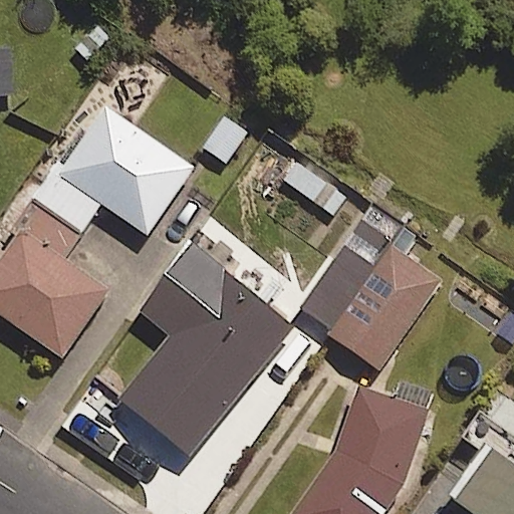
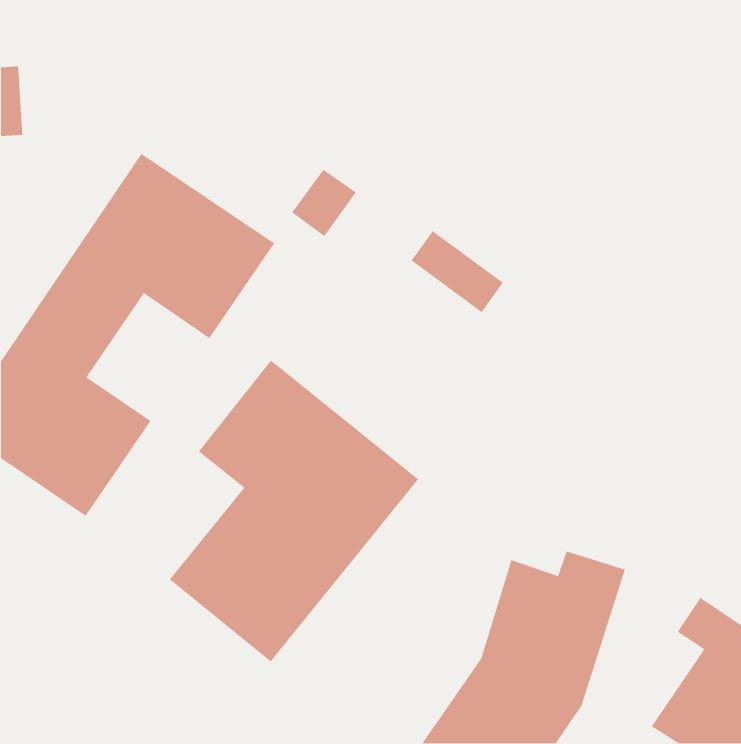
building: [297,202,441,369] -> none

